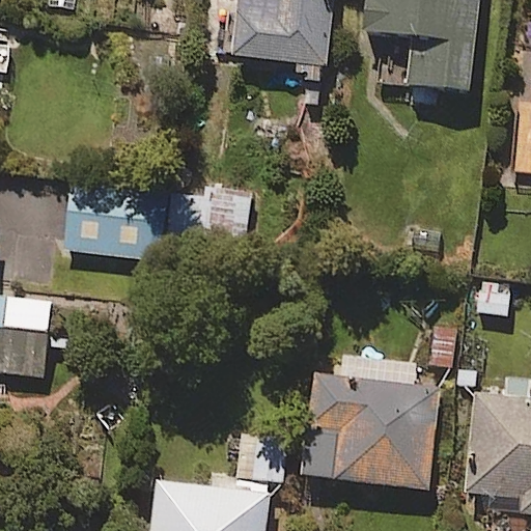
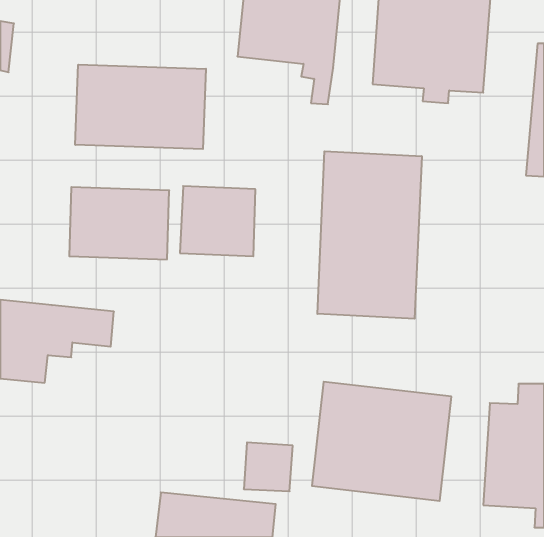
building: none -> [75,65,206,149]
building: none -> [317,151,422,319]

